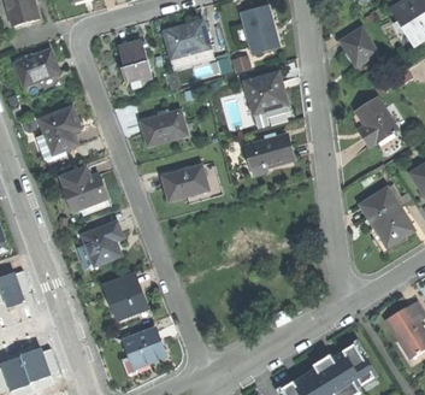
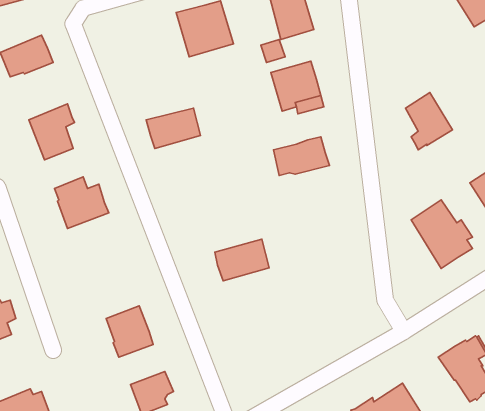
building: [341,25,377,64] -> none
building: [118,40,150,81] -> none
building: [161,165,207,200] -> [215,239,269,281]
building: [77,223,120,271] -> none

